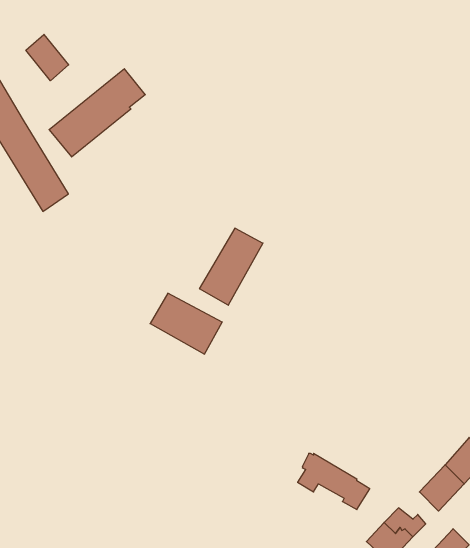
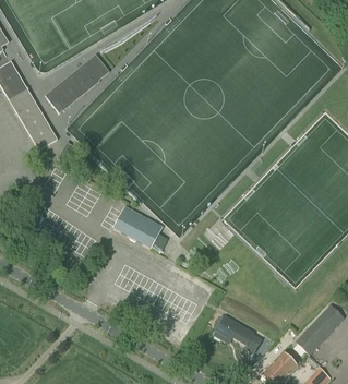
building: [26,34,69,81] -> none
building: [200,228,263,305] -> none

